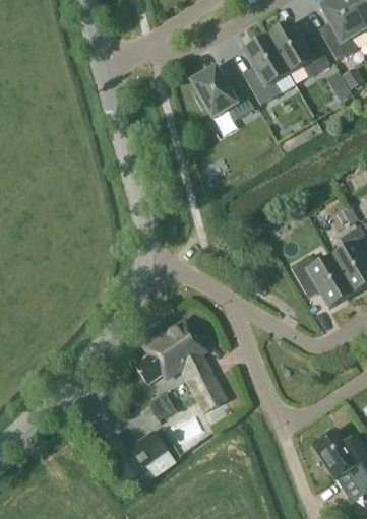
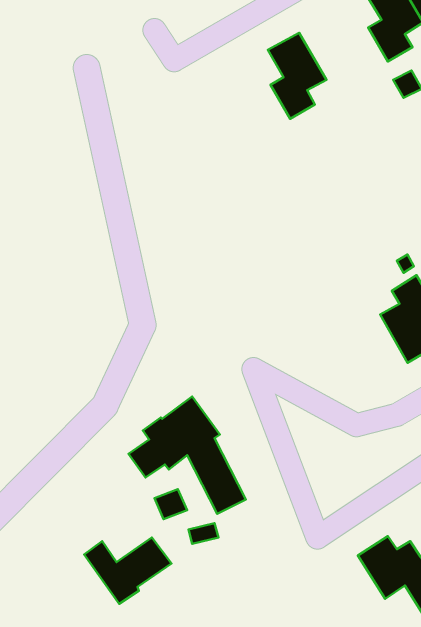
building: [267,22,329,75] -> none
building: [190,67,253,119] -> none
building: [290,255,352,307] -> none

